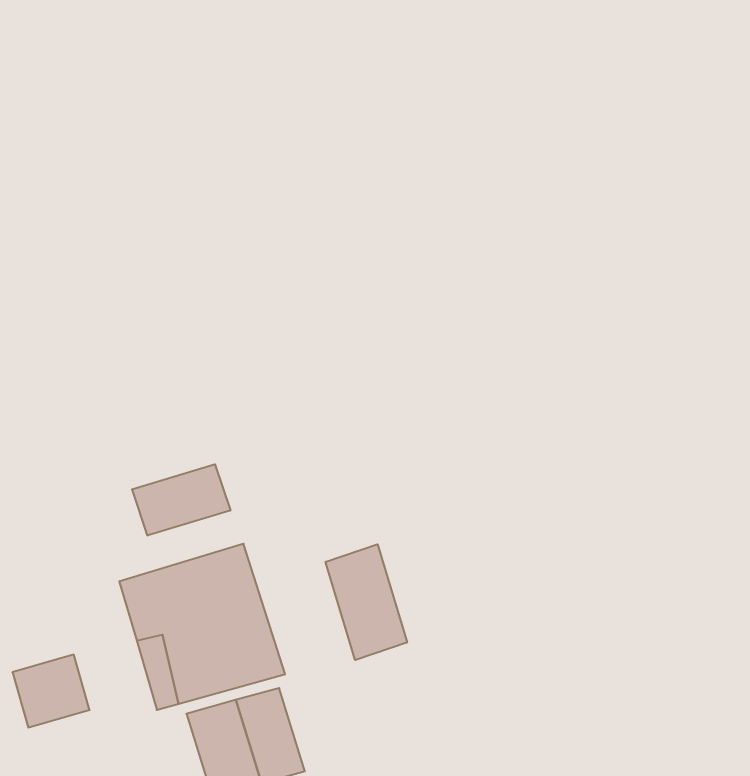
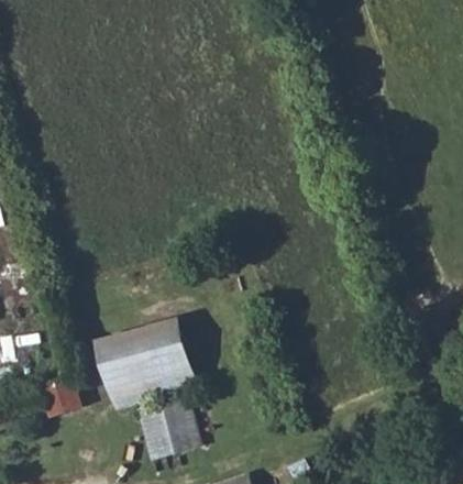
building: [132,464,230,536] -> none
building: [326,544,407,660] -> none

